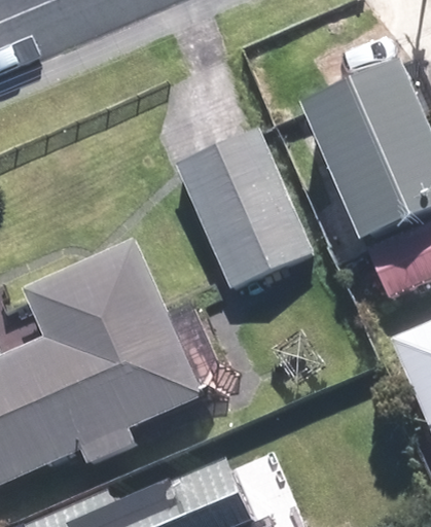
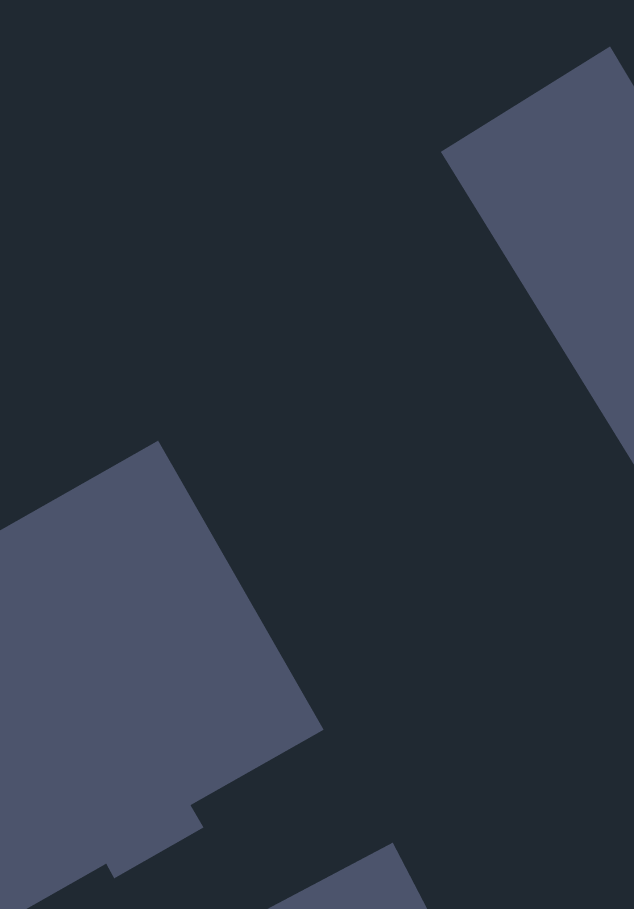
building: [174,126,313,282] -> none

